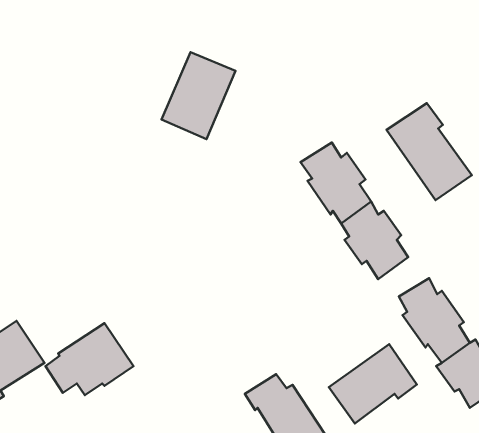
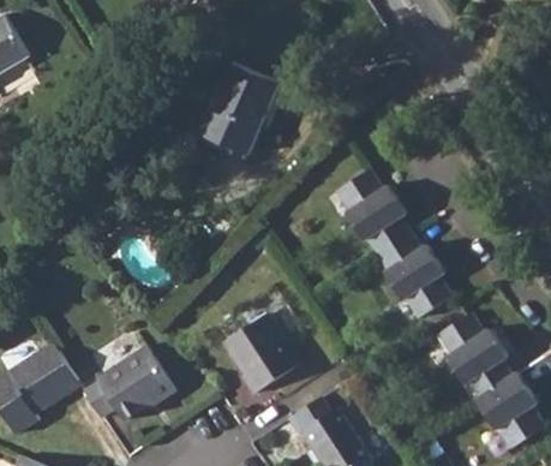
building: [386,103,472,200] -> none
building: none -> [222,315,298,395]
building: [329,344,417,423] -> none

